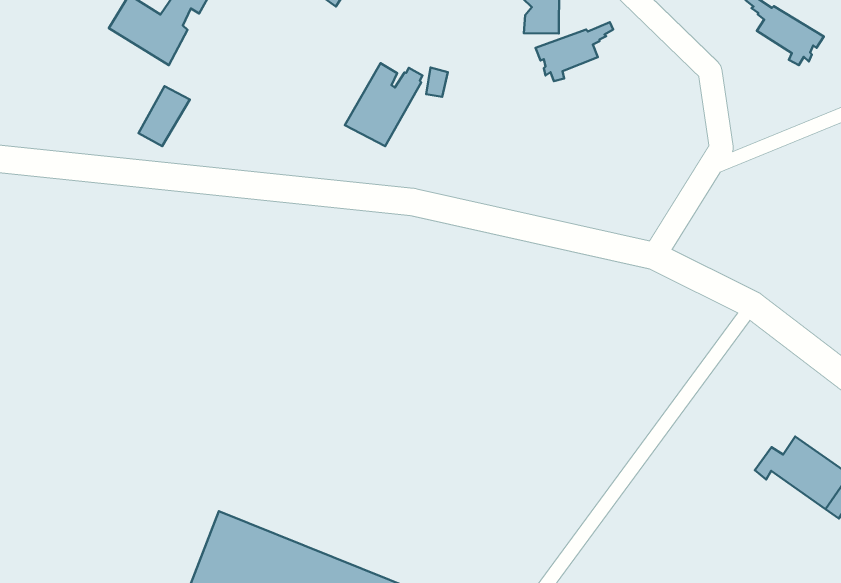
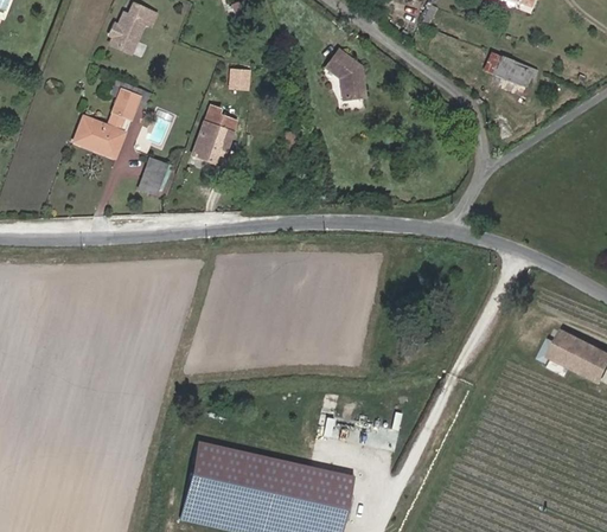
building: [536,22,613,81] -> none
building: [345,63,422,146] -> [192,111,237,165]
building: [139,86,190,146] -> [138,159,167,198]

